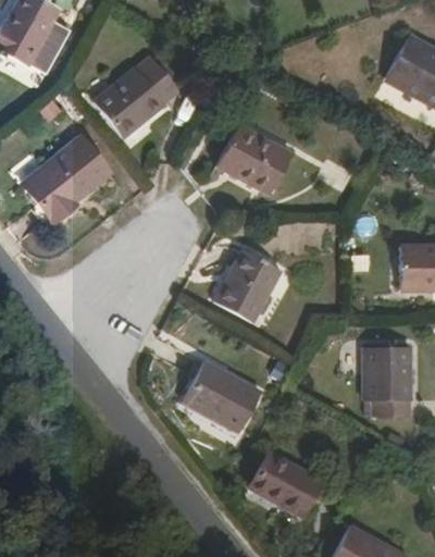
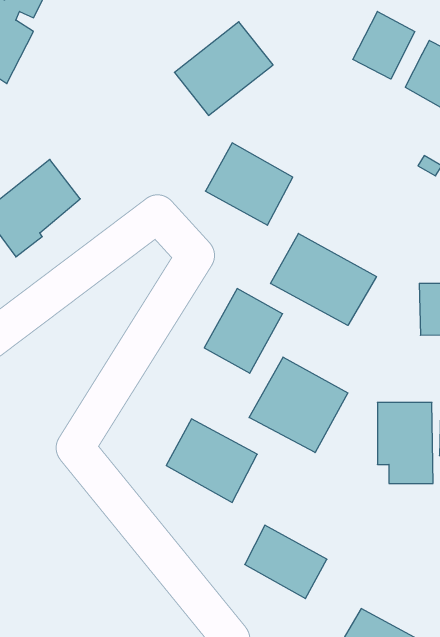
building: none -> [353,11,415,79]
building: [95,57,179,137] -> [174,22,273,115]
building: none -> [271,233,376,325]
building: none -> [249,357,348,453]

